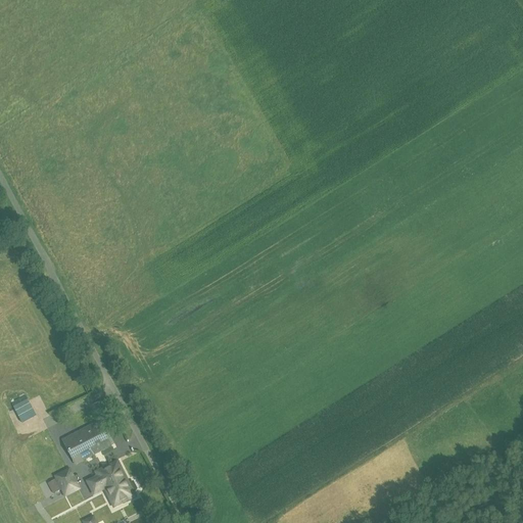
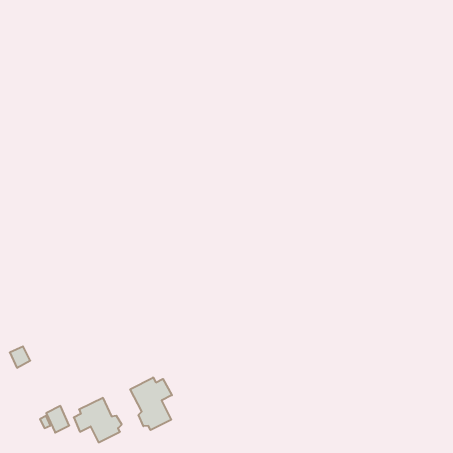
building: [59,420,111,466] -> none
building: none -> [130,377,172,430]

